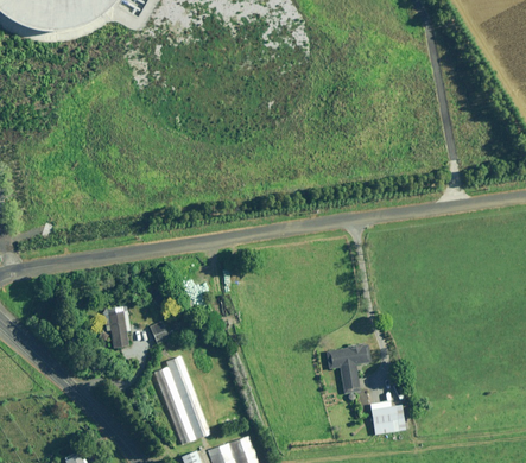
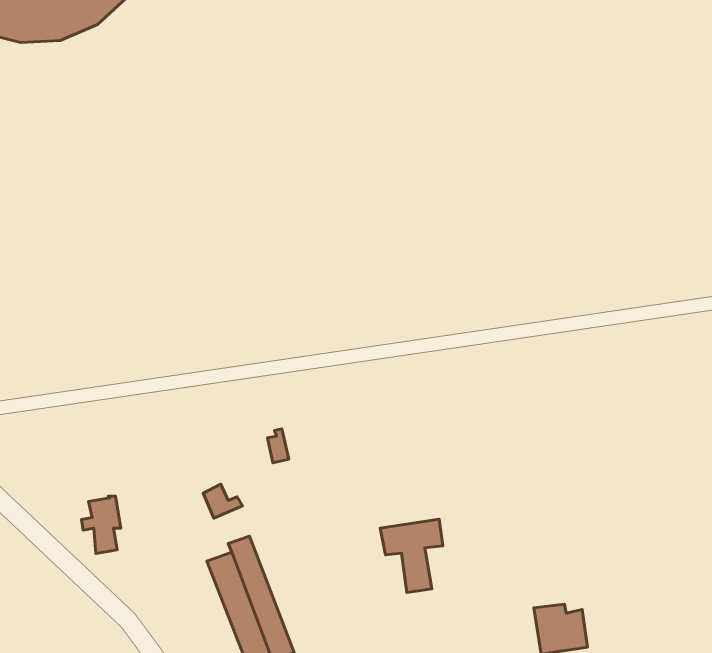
building: [106,310,132,348] -> [81,496,121,553]
building: [327,345,368,394] -> [380,519,443,592]

